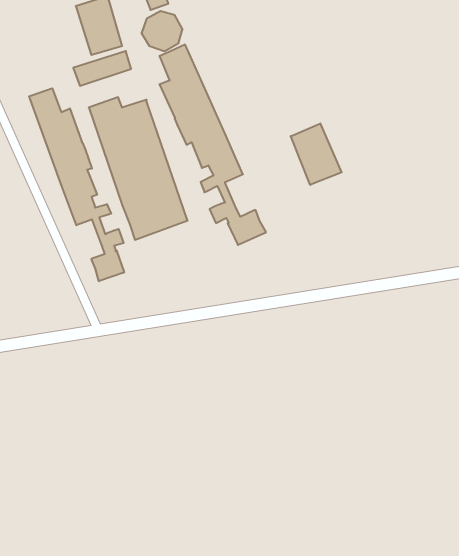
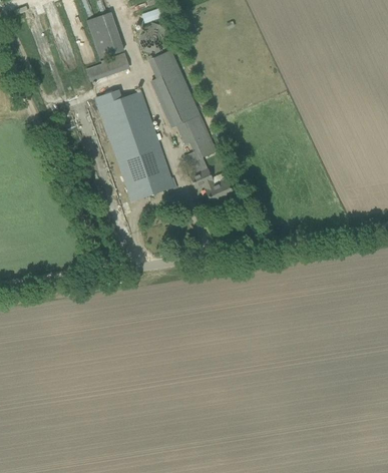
building: [29,88,124,281] -> none
building: [291,123,342,185] -> none

